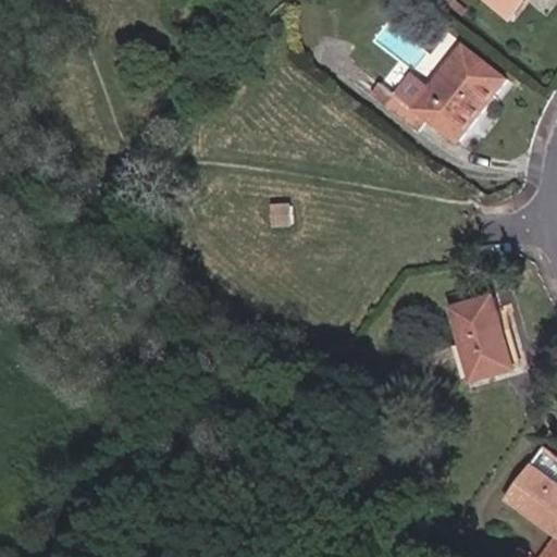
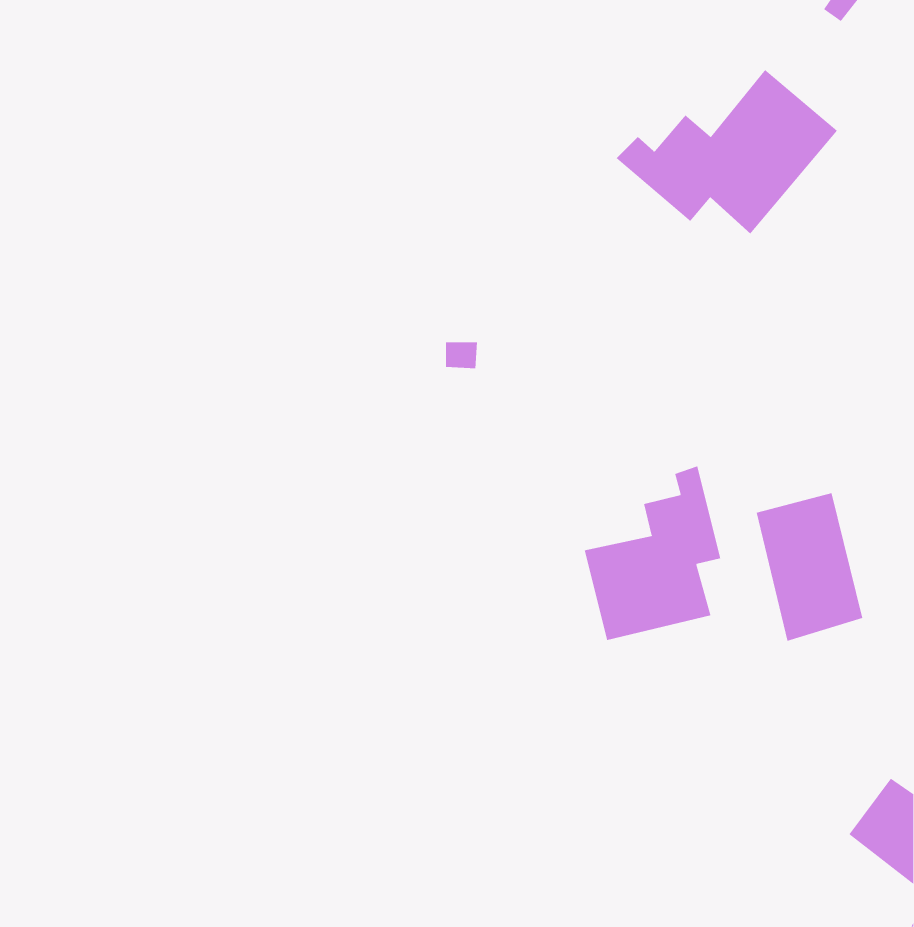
building: none -> [584,465,721,641]

